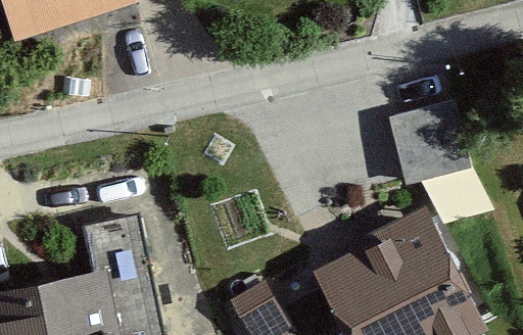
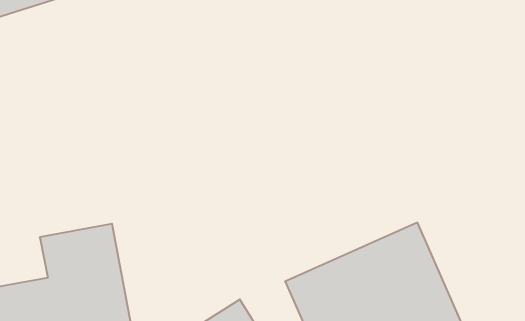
building: [384,98,475,186] -> none

